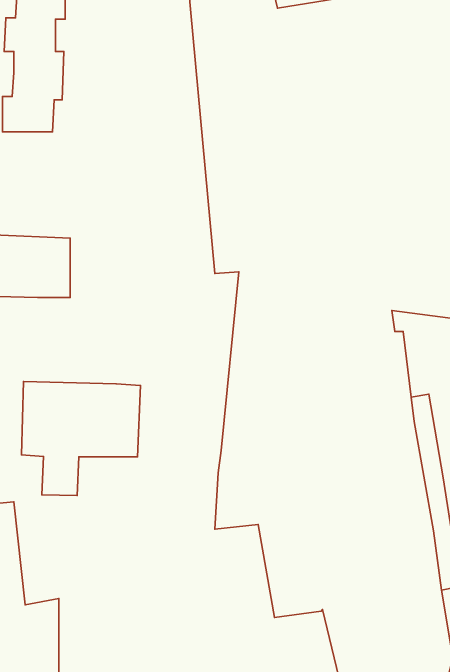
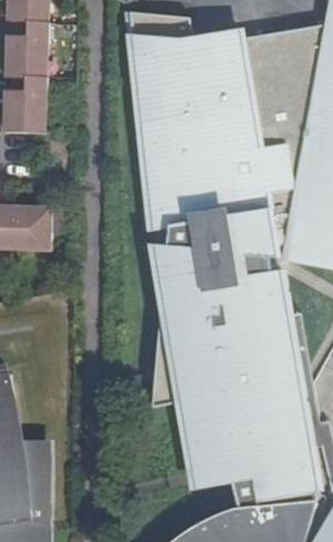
building: [21,381,140,495] -> none

